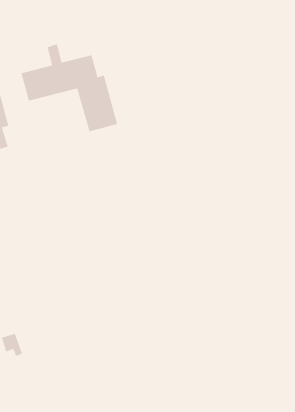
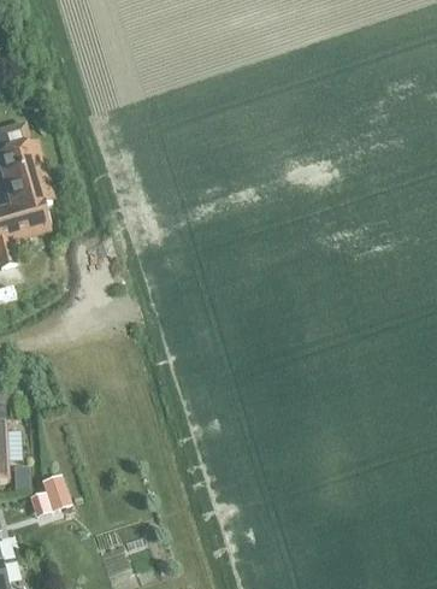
building: [21,44,118,132] -> none

